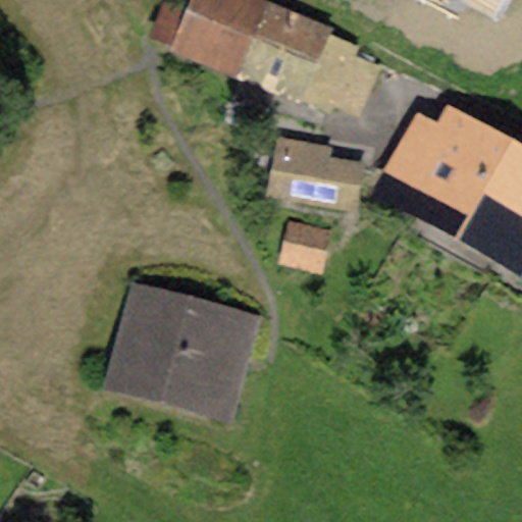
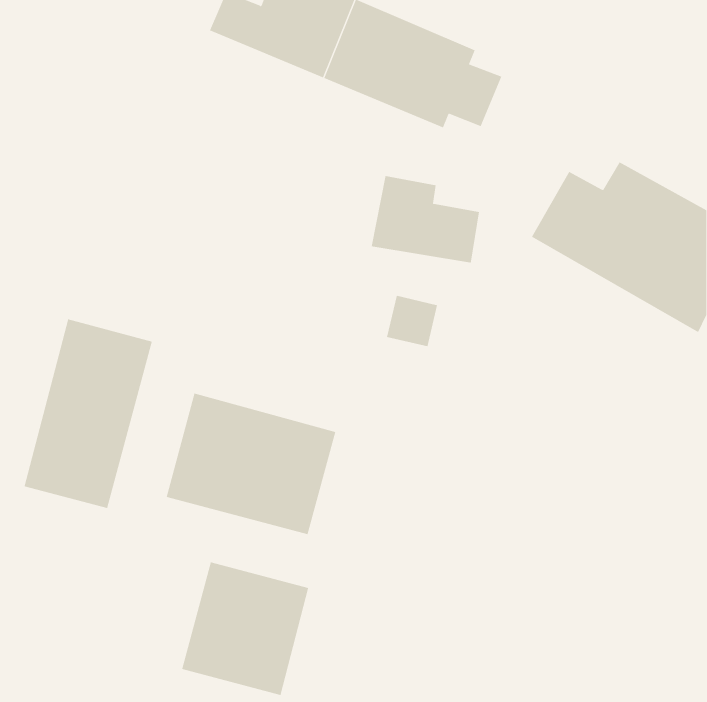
building: none -> [24,318,153,509]
building: none -> [181,562,309,696]

